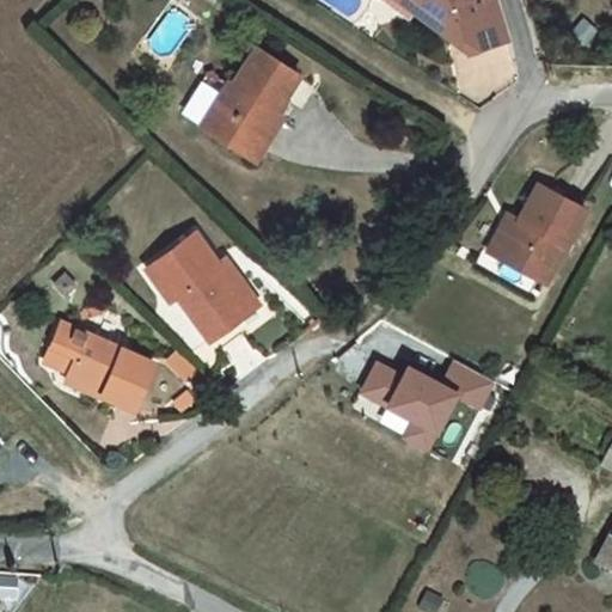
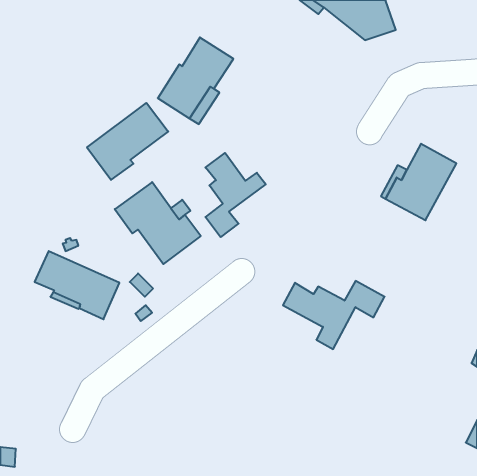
building: none -> [87,103,168,180]
building: none -> [205,153,266,237]

